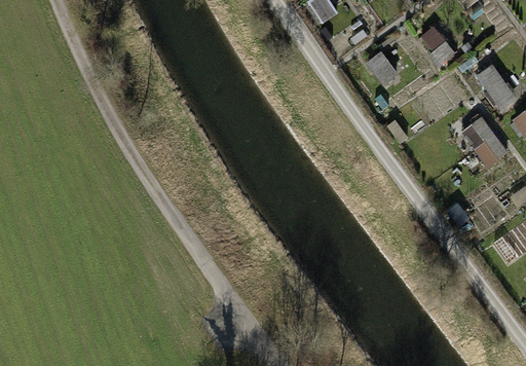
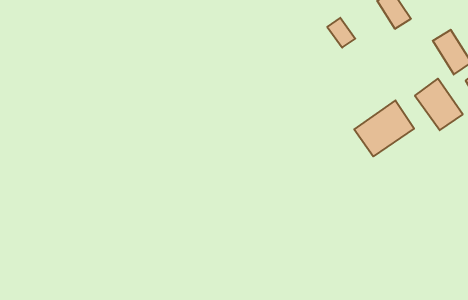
building: none -> [354,100,414,156]

